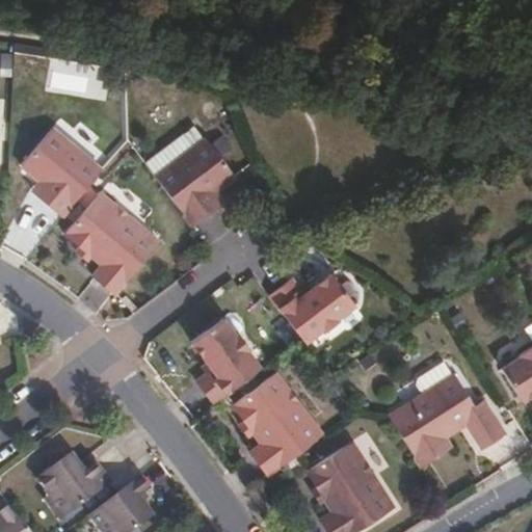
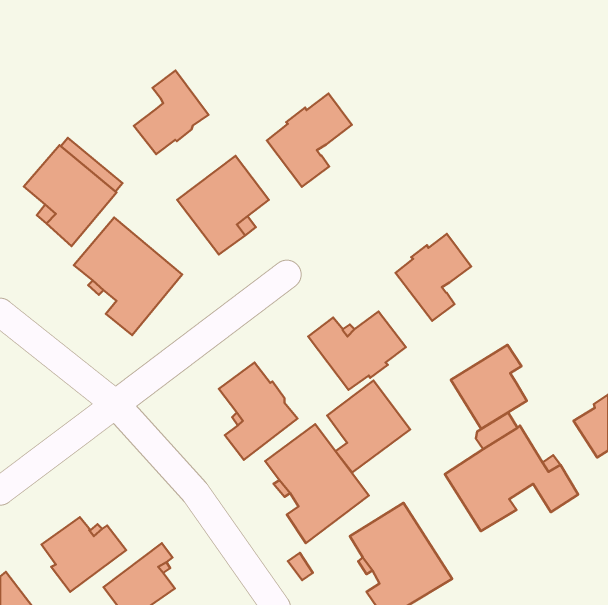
building: none -> [134,70,208,154]
building: none -> [267,94,352,187]
building: none -> [396,234,471,321]
building: none -> [451,345,527,429]
building: none -> [327,381,410,473]

